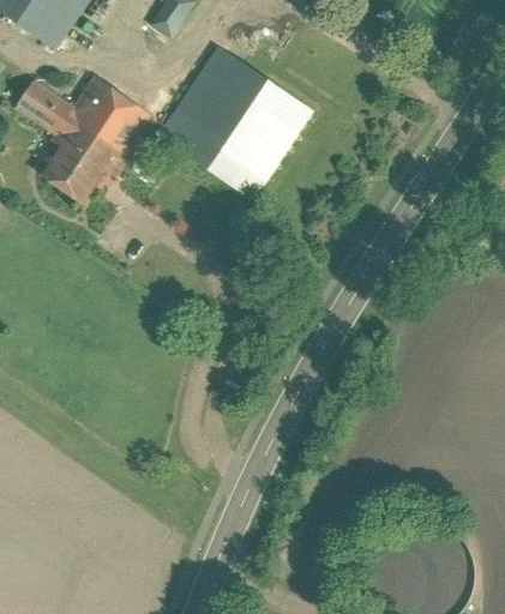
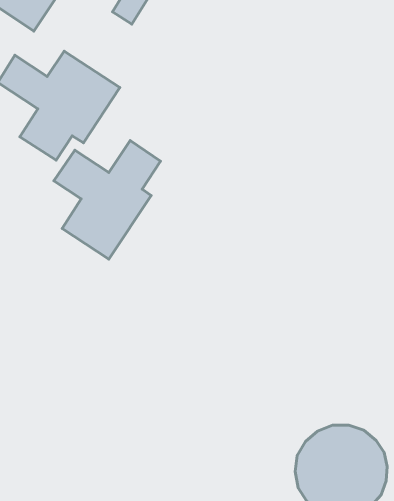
building: [155,46,317,204] -> none
building: none -> [54,140,160,259]

